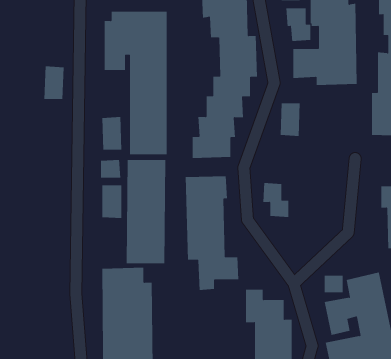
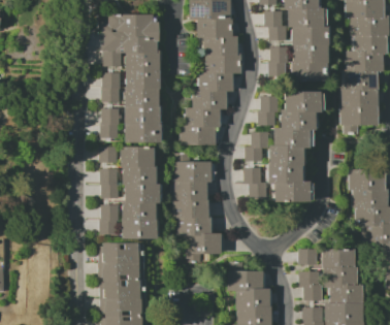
building: [44,66,64,100] -> [101,72,120,102]
building: none -> [246,91,320,202]
building: none -> [100,205,121,235]

